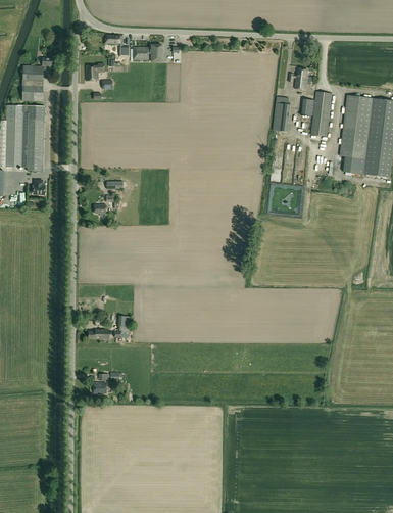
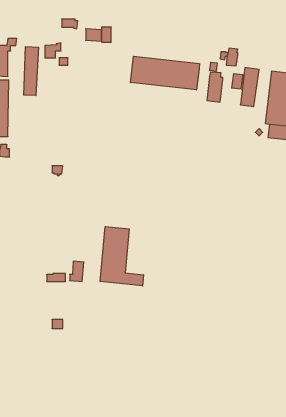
building: none -> [24,47,38,96]
building: none -> [131,56,199,90]
building: none -> [100,227,143,286]

